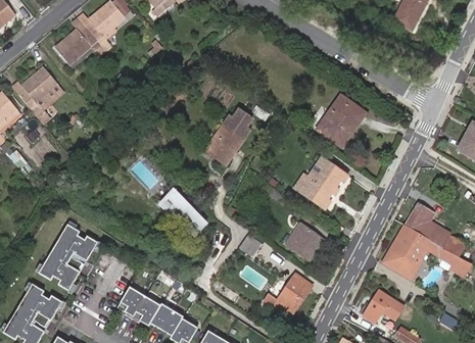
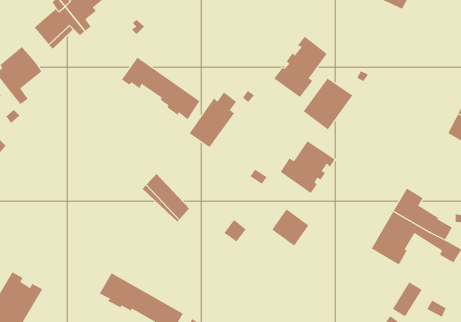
building: none -> [273,36,328,98]
building: none -> [121,57,200,120]
building: [39,225,98,290] -> none
building: [273,275,312,314] -> none
building: [362,289,391,324] -> [392,281,422,317]

